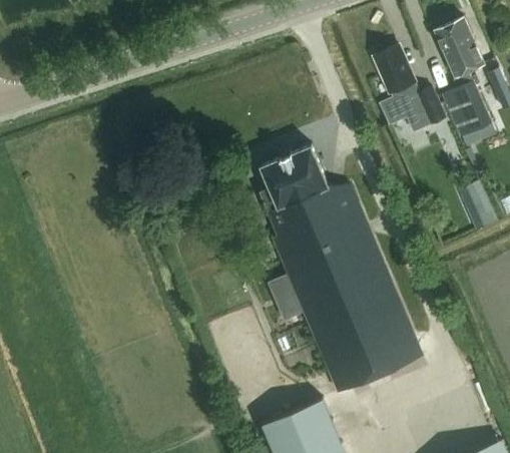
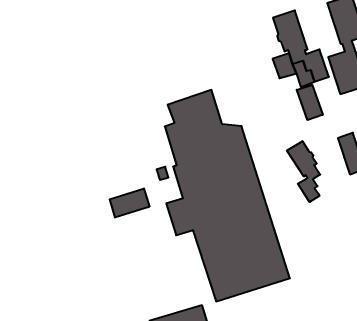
building: none -> [297,85,323,120]
building: none -> [287,141,320,202]
building: none -> [110,188,149,218]

